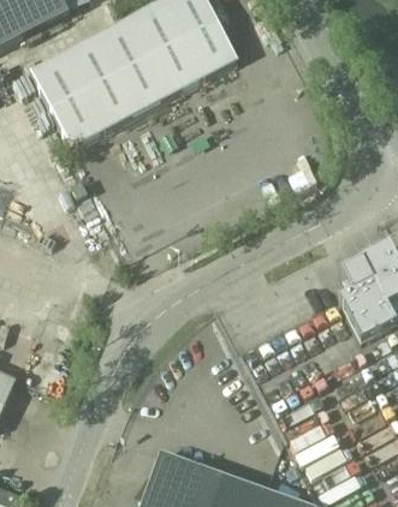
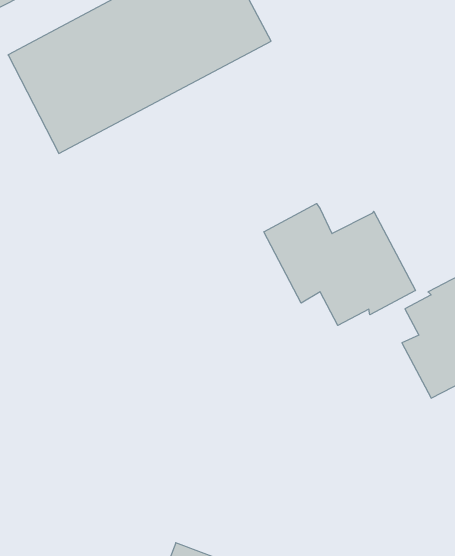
building: none -> [264,204,415,325]

